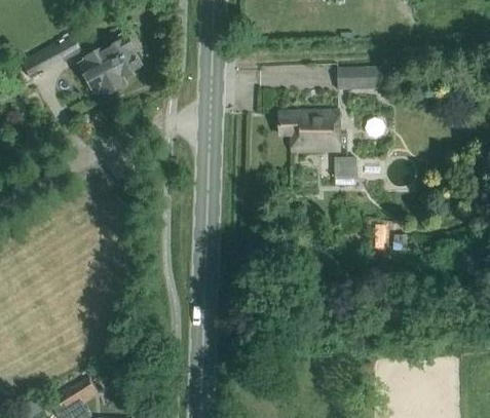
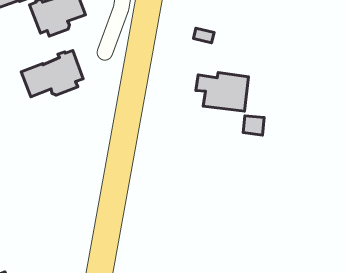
building: [338,66,385,88] -> none
building: none -> [21,50,83,97]

